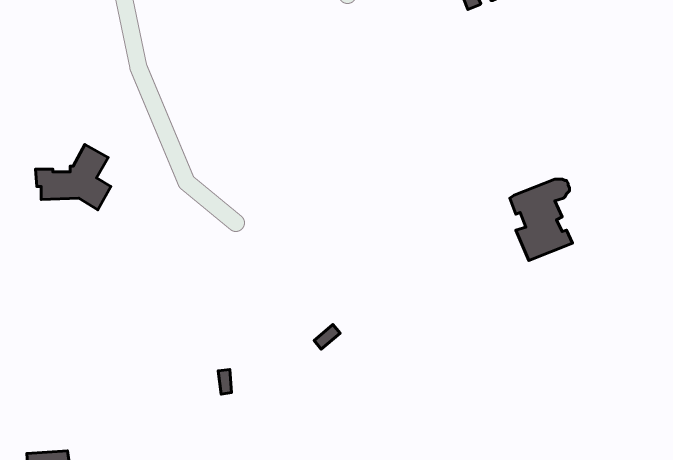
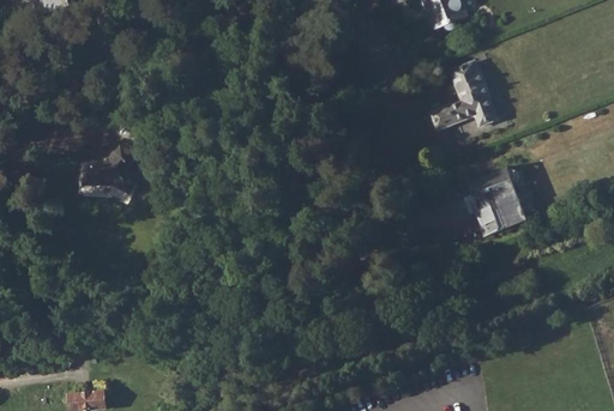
building: none -> [431,62,495,129]

